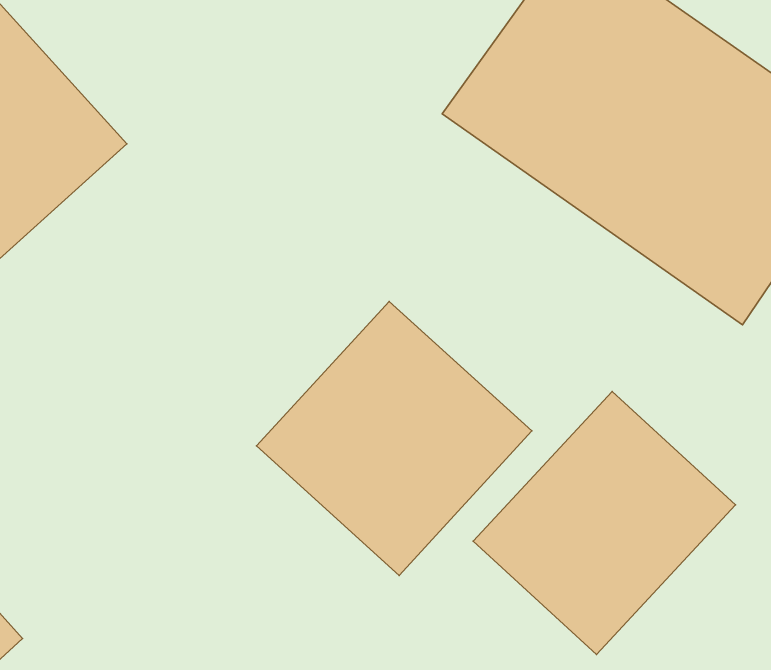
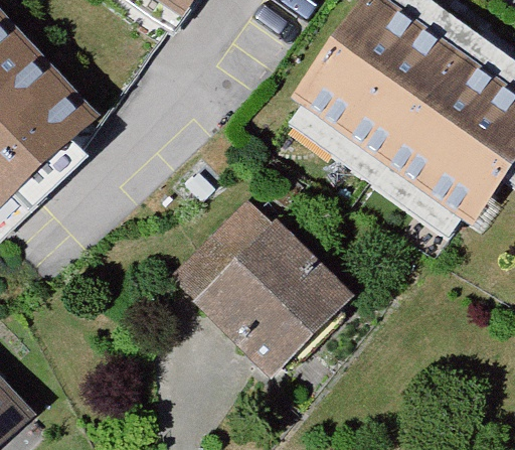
building: [473,391,736,655] -> none

